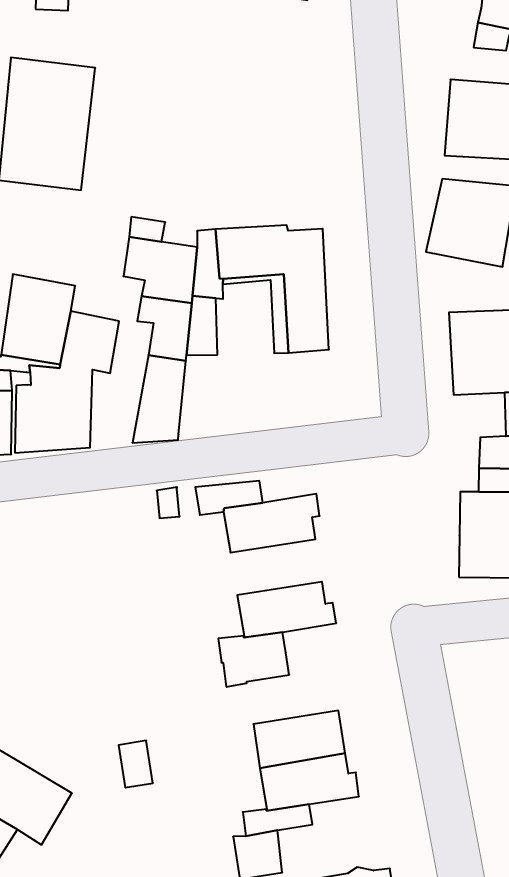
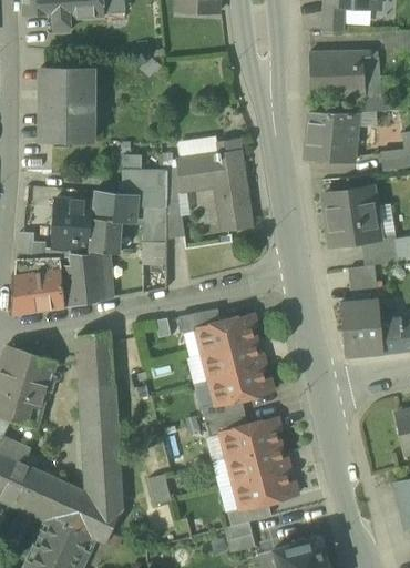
building: none -> [92,190,135,220]
building: none -> [79,329,122,510]
building: none -> [204,341,262,379]
building: none -> [222,417,280,457]

